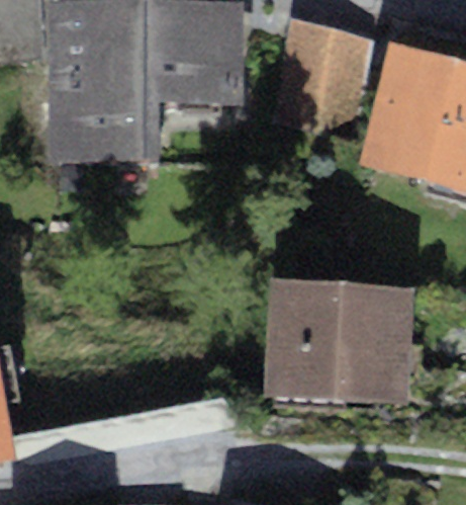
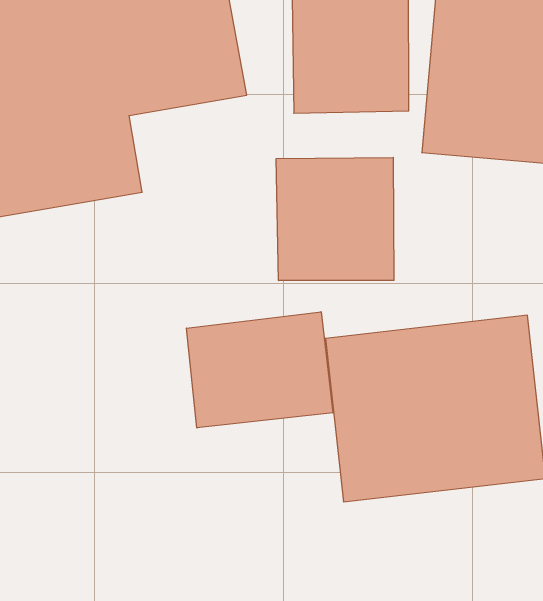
building: none -> [276,157,394,281]
building: none -> [187,312,333,428]

